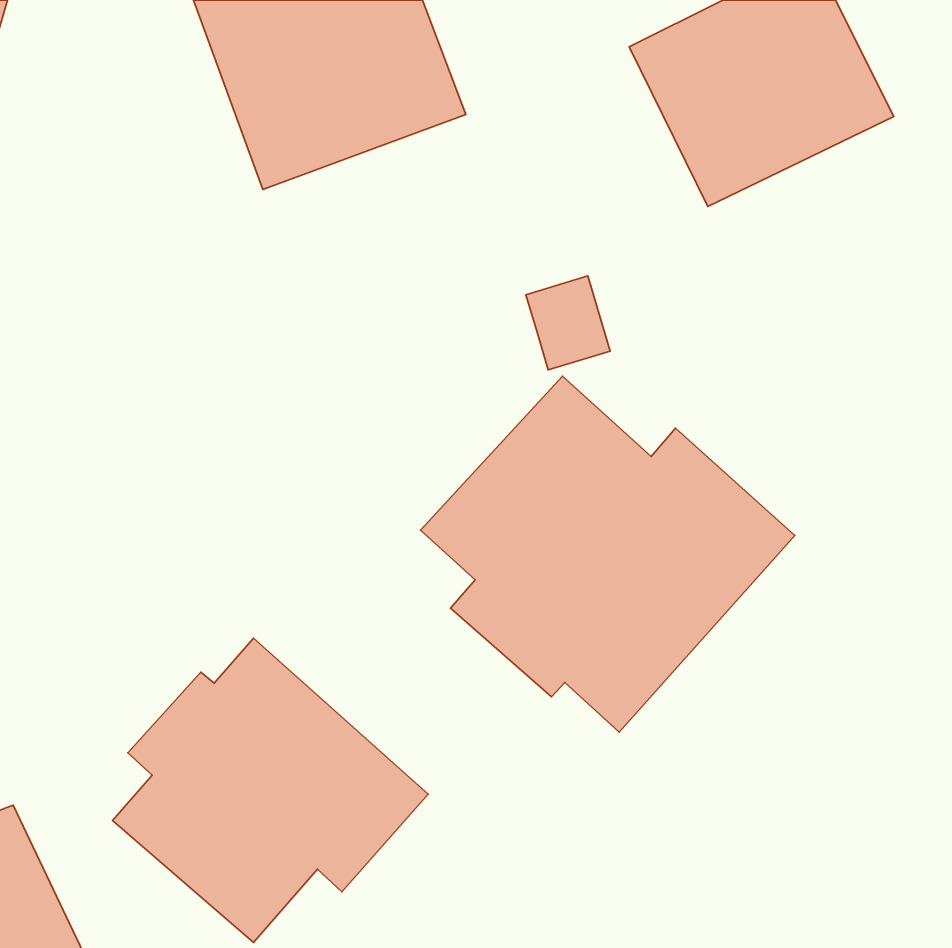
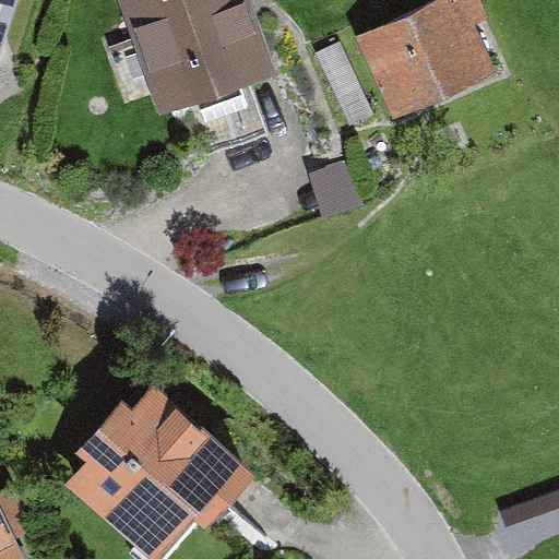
building: [420,376,795,732] -> none

